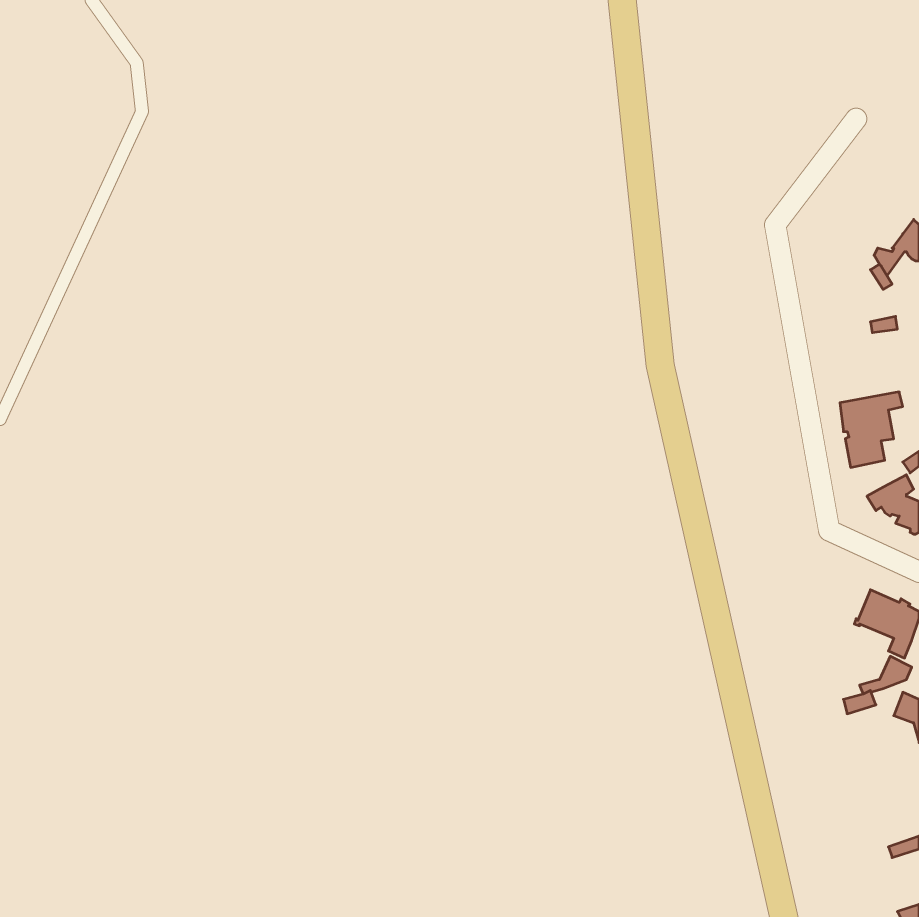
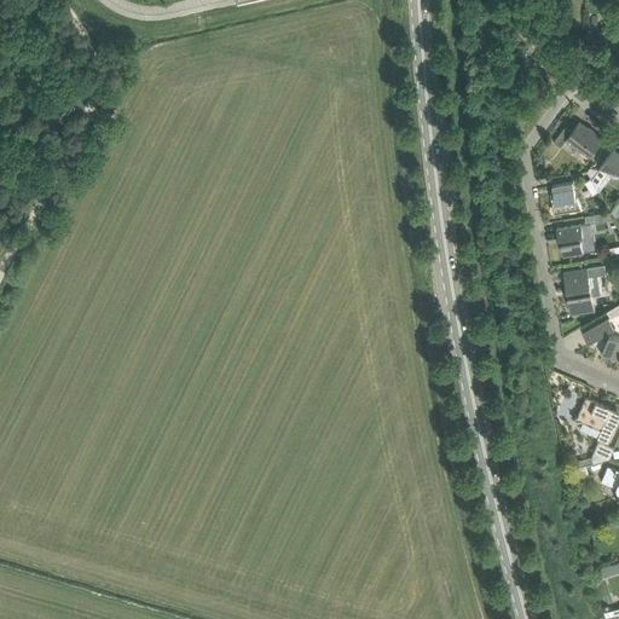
building: none -> [554,123,602,157]
building: none -> [551,183,583,215]
building: none -> [557,225,584,256]

